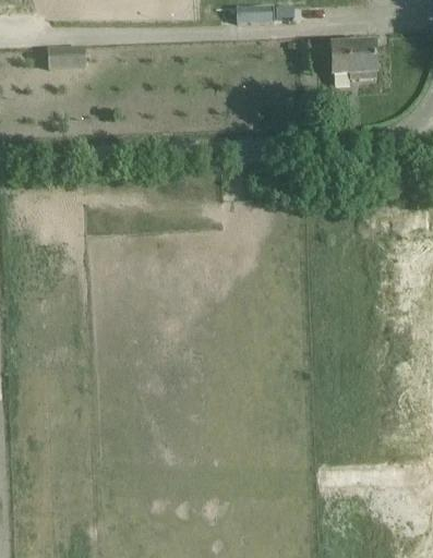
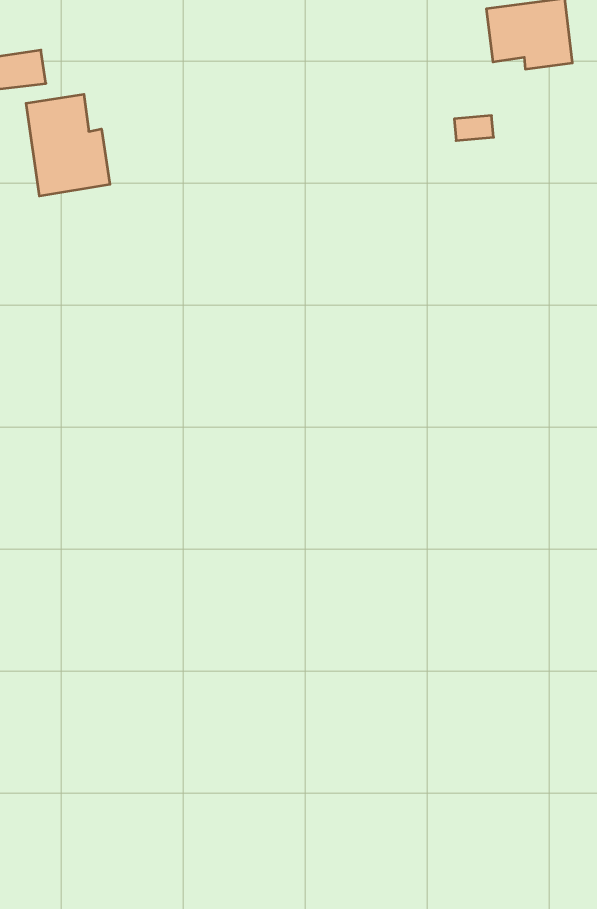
building: none -> [26,94,110,196]

